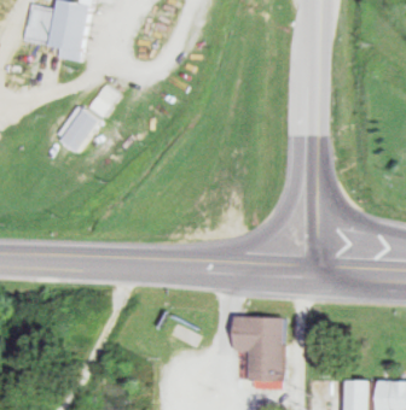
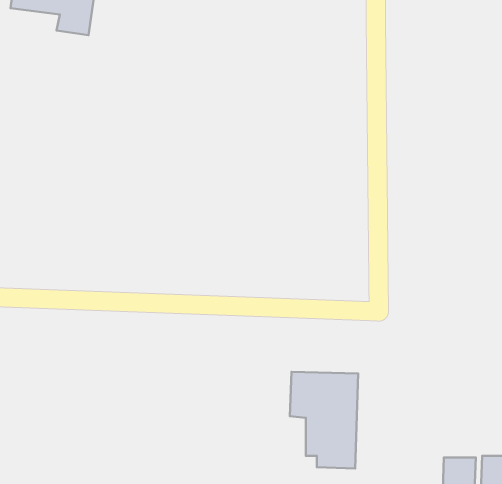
building: [53,104,99,151] -> none

